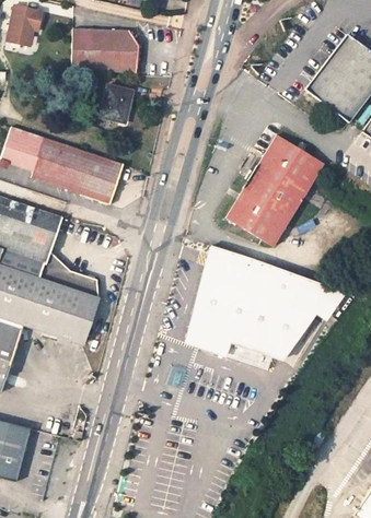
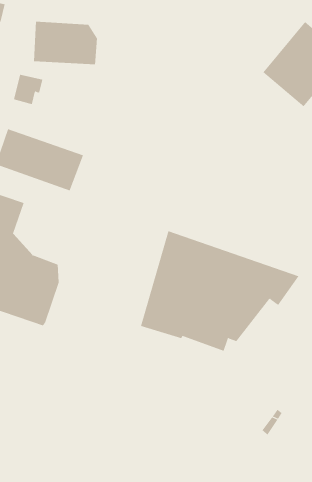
building: [101,86,131,118] -> [13,74,43,105]
building: [222,131,322,246] -> none

